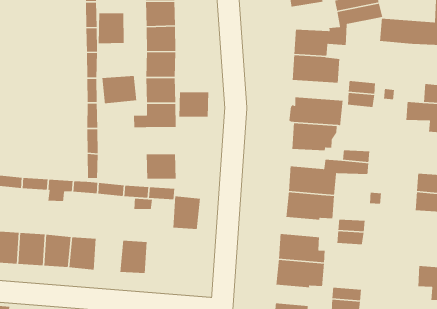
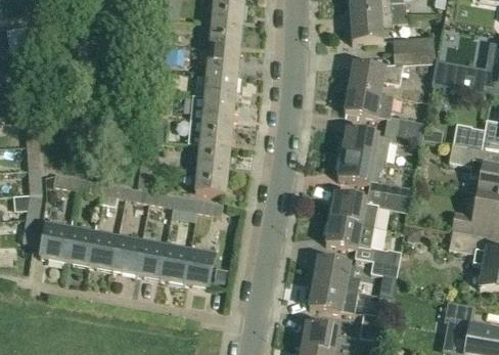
building: [98,13,125,44] -> none
building: [178,91,209,117] -> [198,142,230,170]
building: [173,196,201,230] -> [186,251,216,285]
building: none -> [138,242,168,277]

